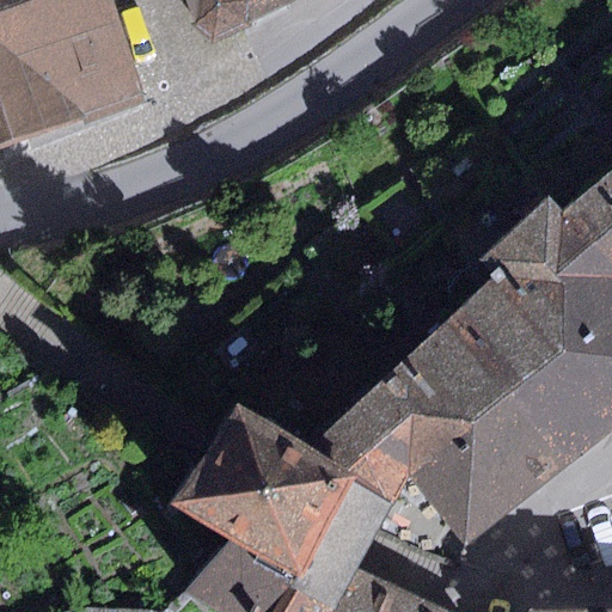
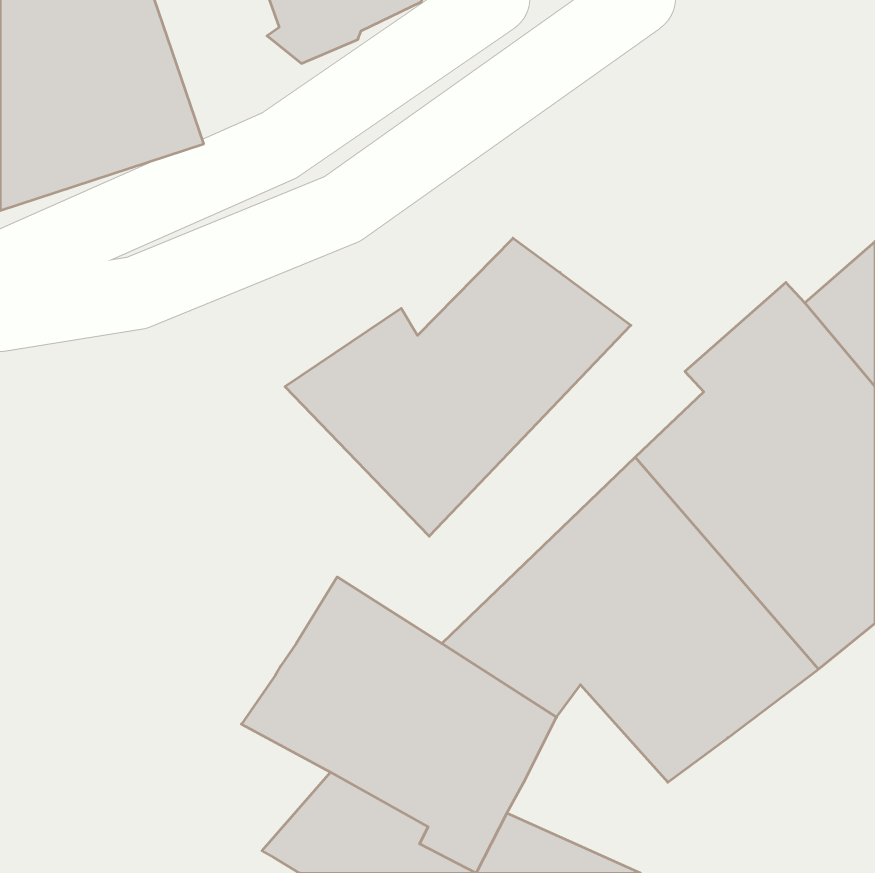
building: none -> [285,238,631,536]

